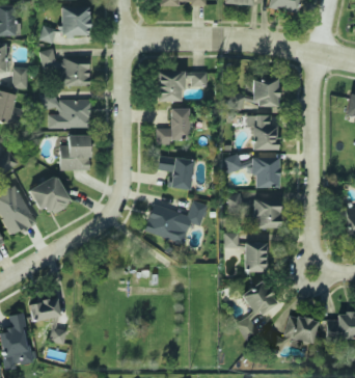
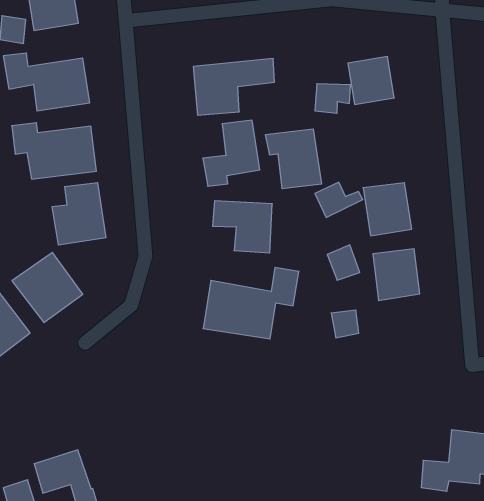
building: [247,115,278,150] -> [265,129,322,189]
building: [245,242,267,272] -> none
building: [237,279,279,341] -> none

